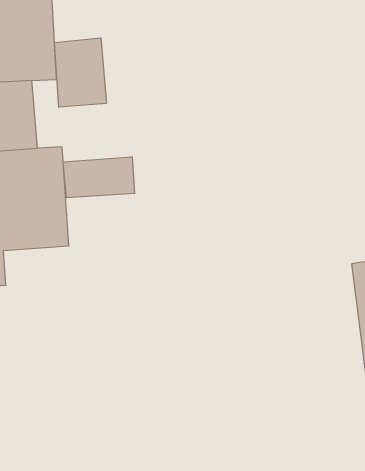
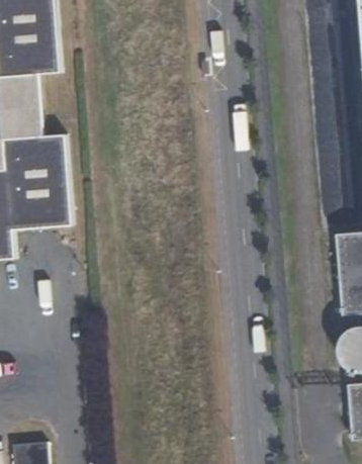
building: [54,38,106,107] -> none
building: [63,157,135,198] -> none

